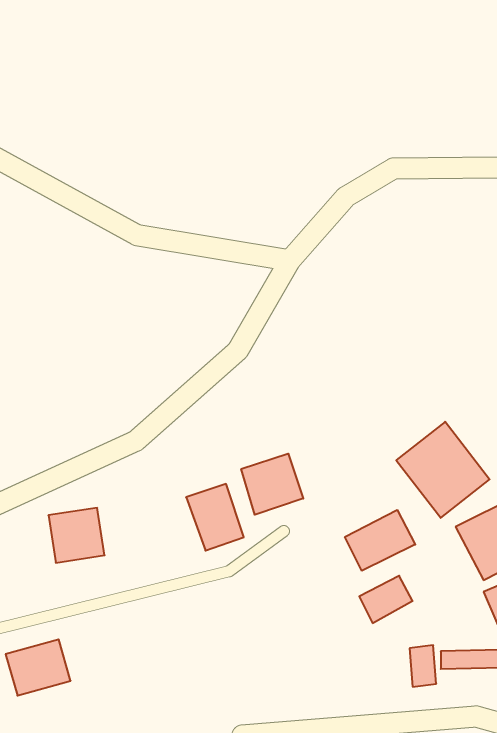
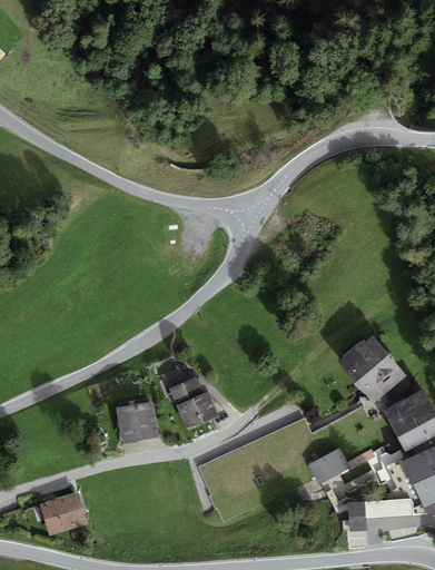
building: [241,454,303,515] -> none
building: [48,508,105,563] -> [119,401,161,442]
building: [345,510,415,571] -> none

